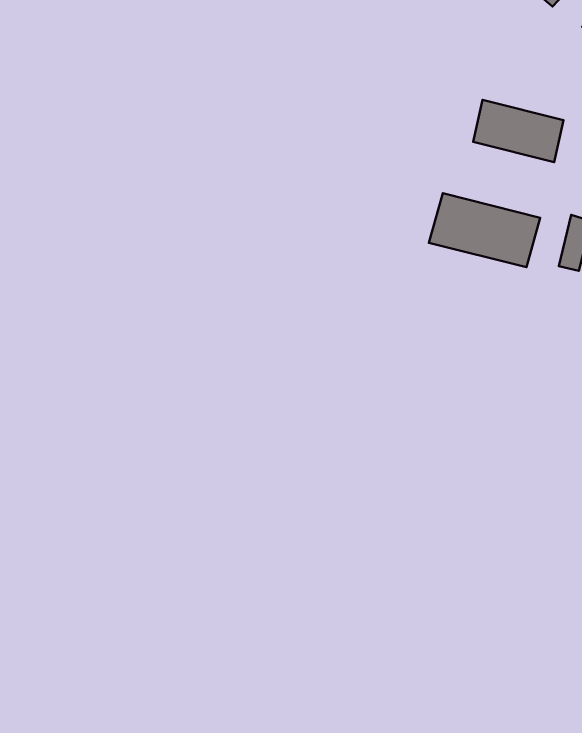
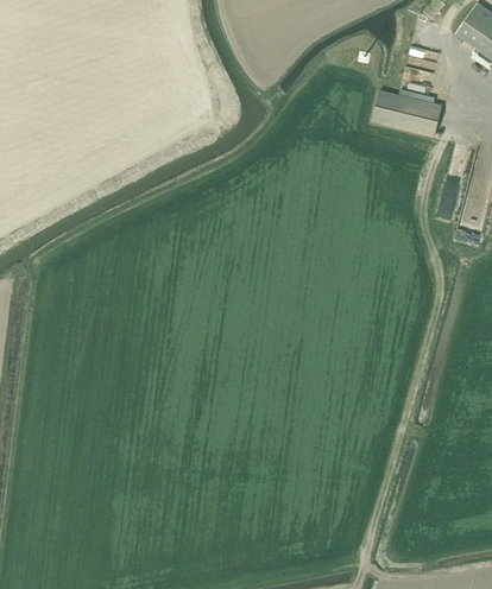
building: [429,193,540,267] -> none

